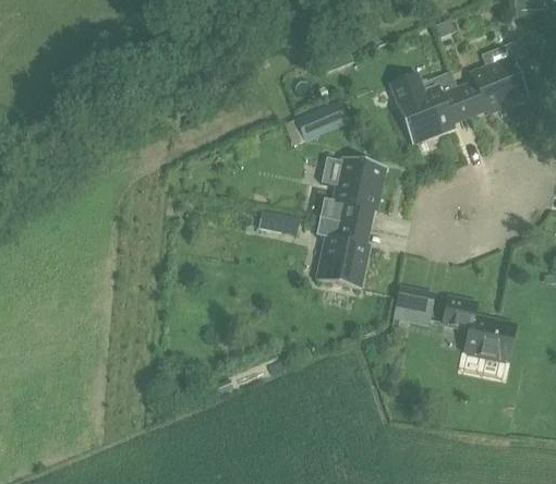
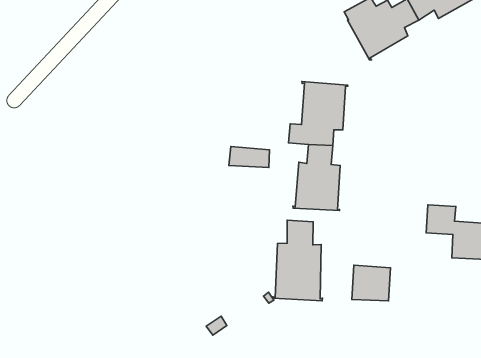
building: [294,101,343,142] -> none
building: [394,286,436,326] -> [352,265,390,301]
building: none -> [273,220,323,301]

